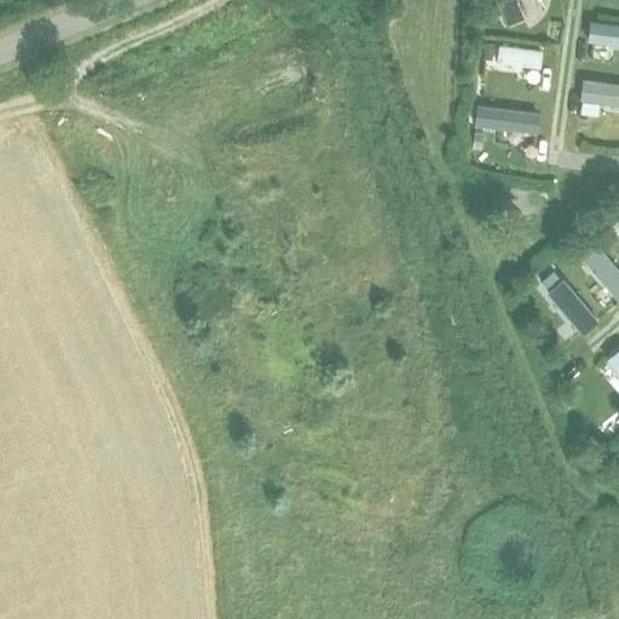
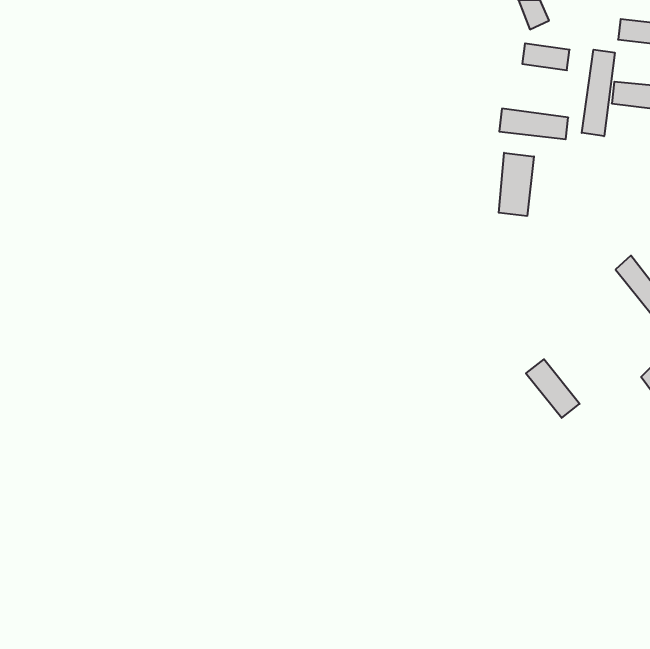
building: none -> [582,50,615,136]
building: none -> [499,153,534,216]
building: [548,280,598,336] -> [526,359,580,418]

